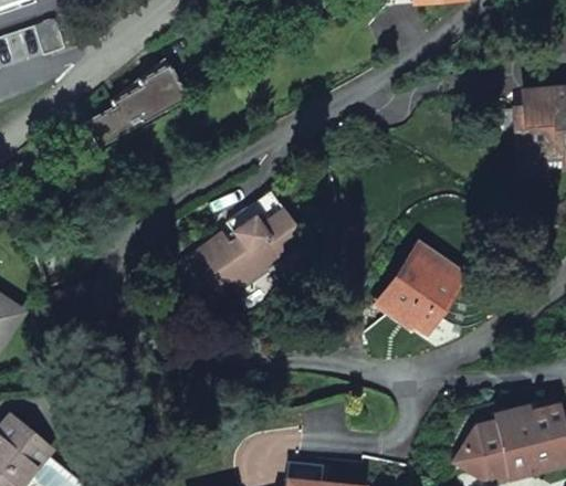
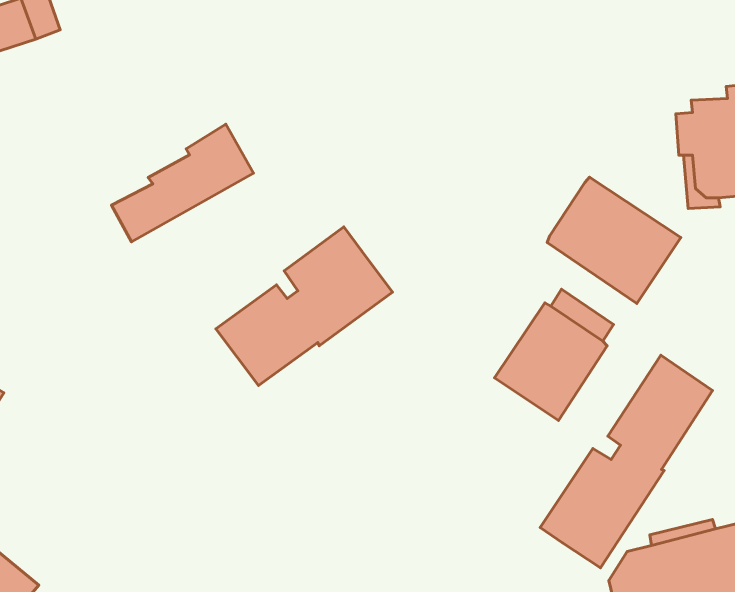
building: [86,64,189,149] -> [112,124,253,242]
building: none -> [547,177,681,303]
building: none -> [540,355,713,568]

